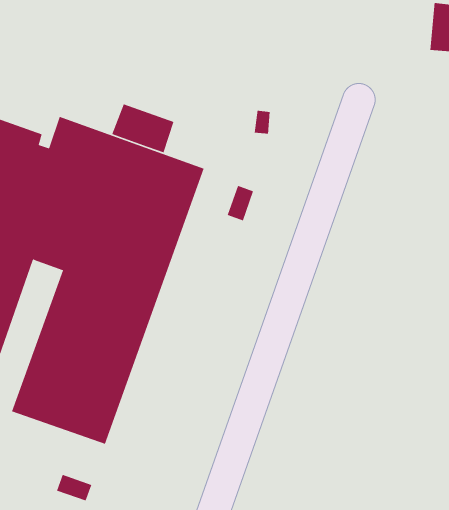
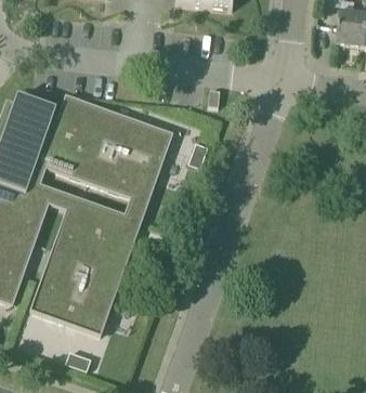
building: [112,103,174,153] -> none

